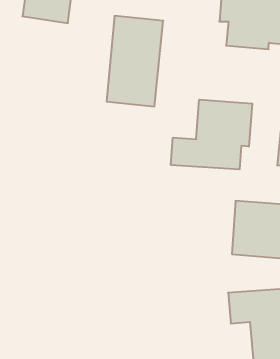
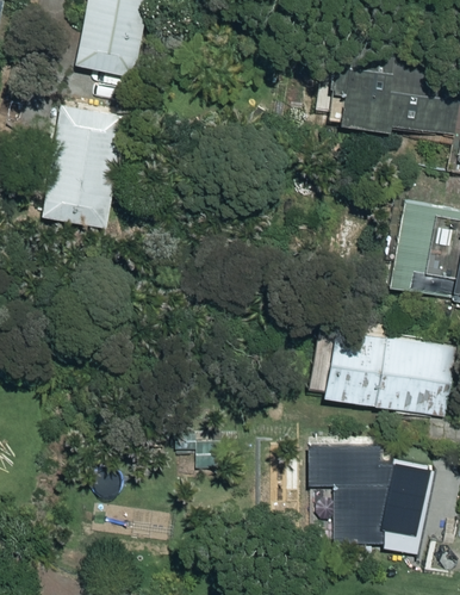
building: [107,16,163,106] -> [39,104,123,227]
building: [171,100,252,169] -> none

